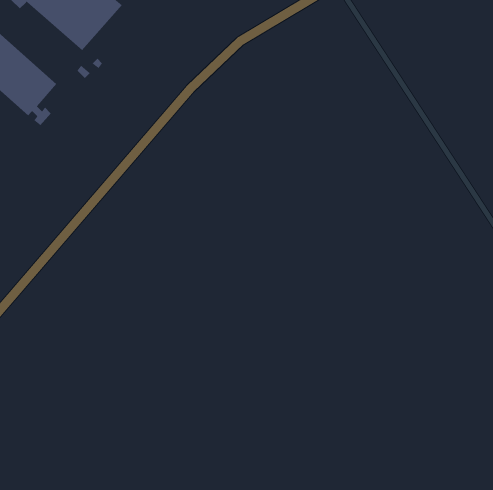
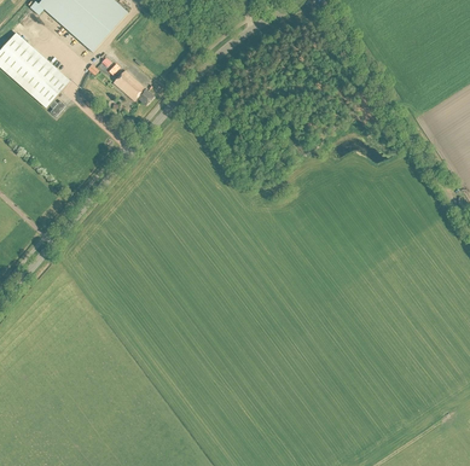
building: none -> [112,69,153,104]

